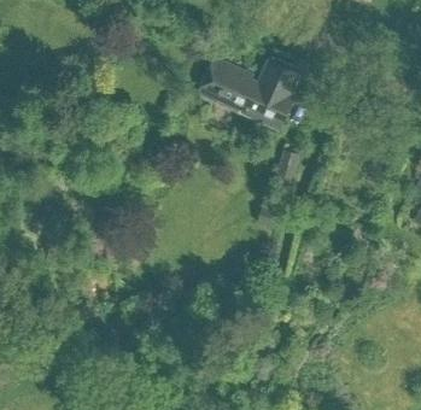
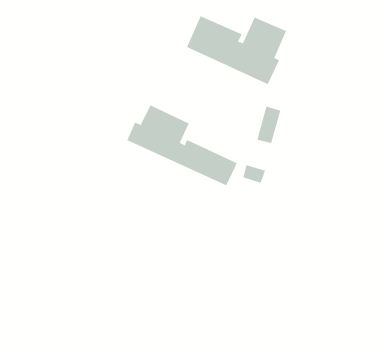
building: none -> [127,104,238,186]

